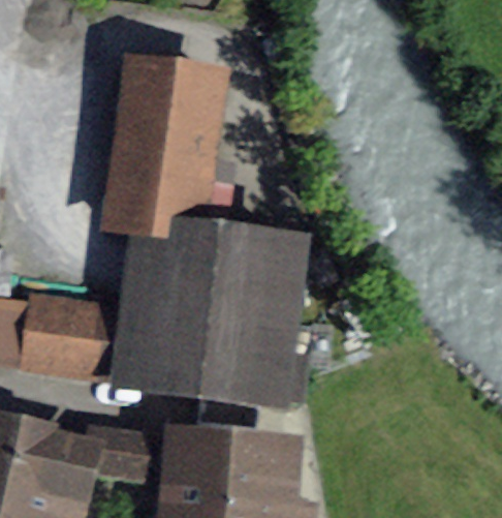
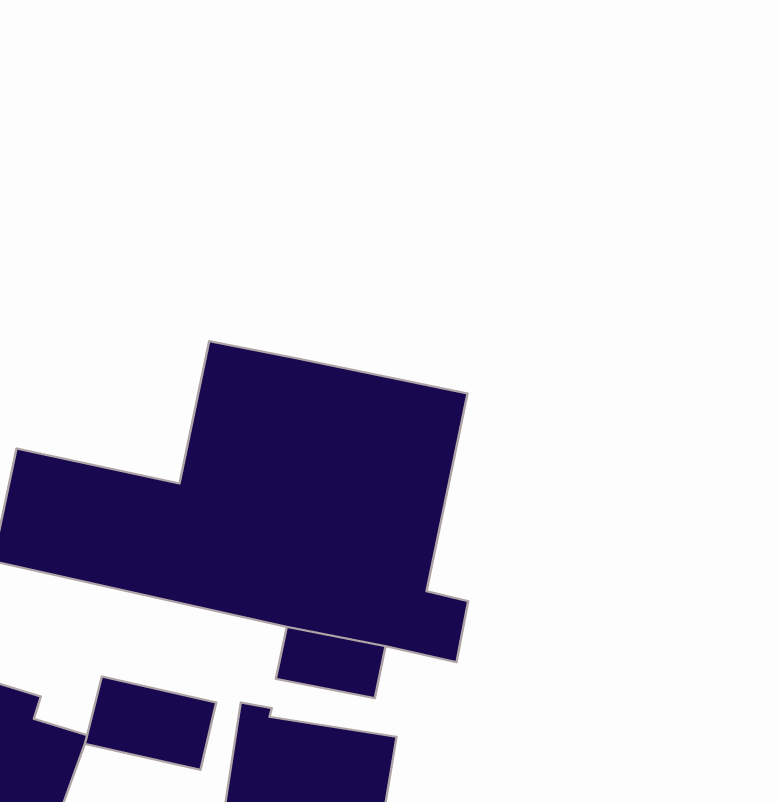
building: [111,52,215,234] -> none

